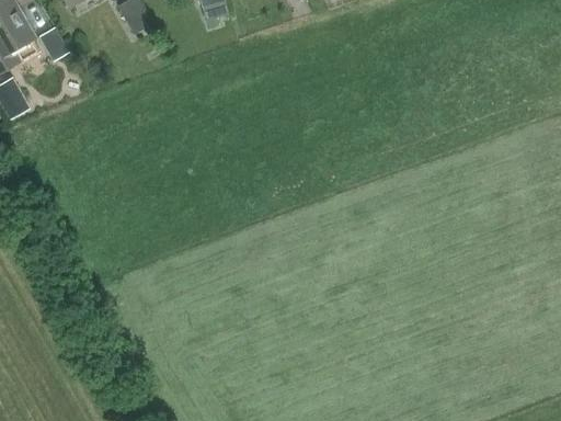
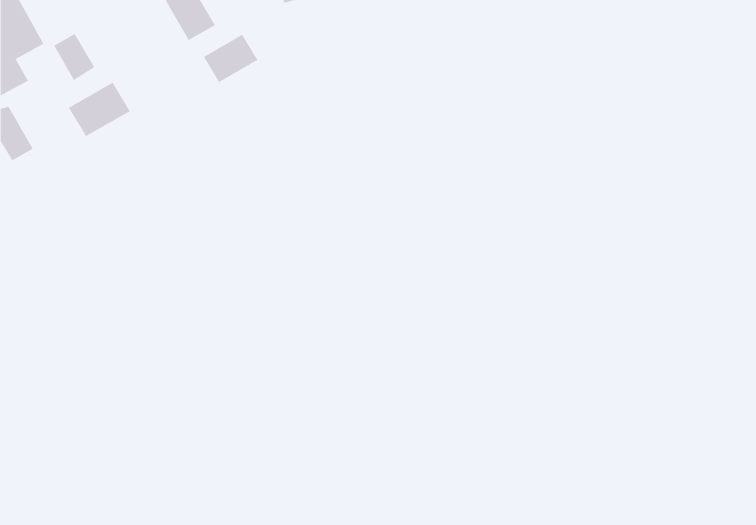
building: none -> [203,34,258,83]
building: none -> [68,82,130,137]

